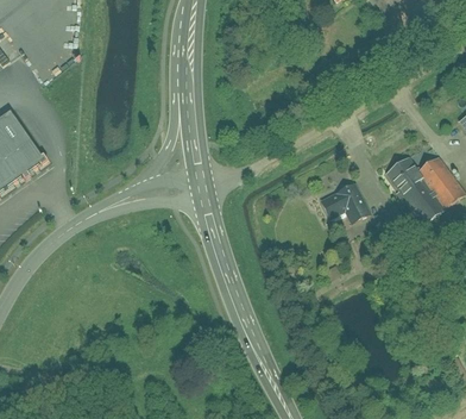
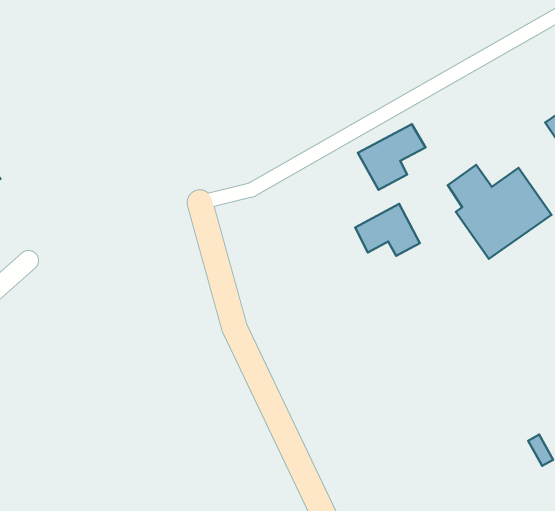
building: none -> [358,124,425,190]

